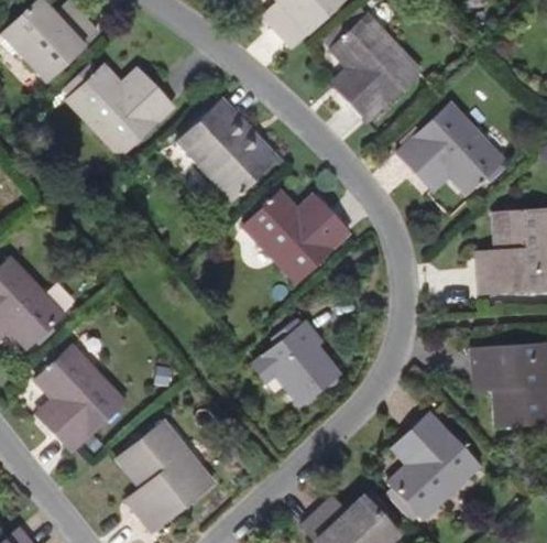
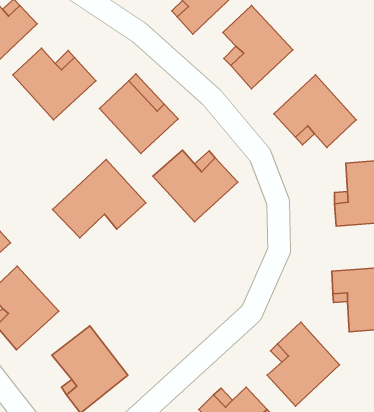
building: none -> [52,159,146,238]
building: [253,322,341,405] -> none

